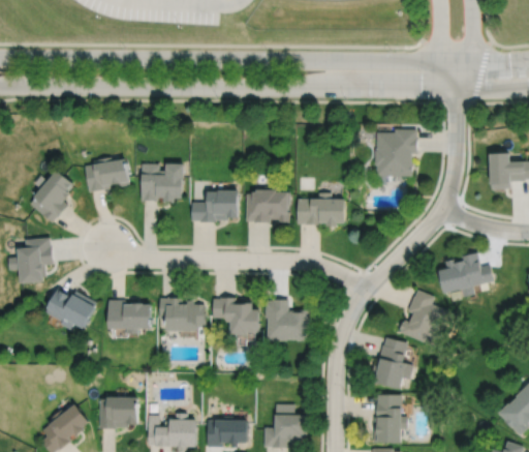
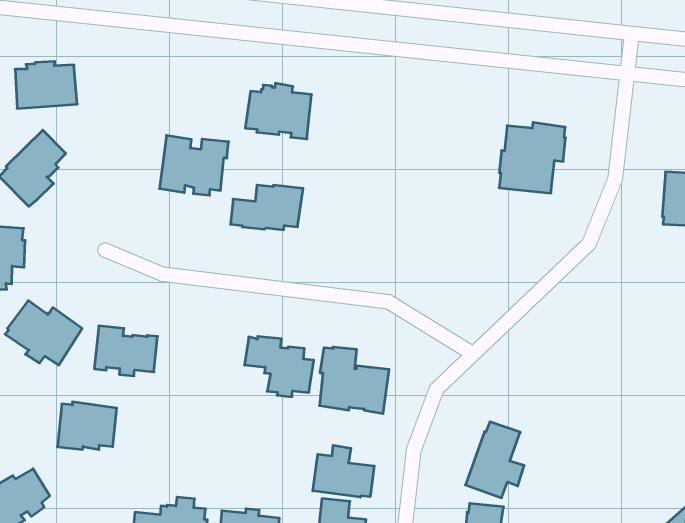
building: [85,157,130,192] -> [15,61,77,108]
building: [245,186,288,222] -> [245,83,312,139]
building: [295,192,344,227] -> none
building: [437,252,494,297] -> none
building: [399,291,448,345] -> none
building: [159,296,206,330] -> none
building: none -> [313,445,374,497]
building: [98,396,136,428] -> [57,402,117,450]

